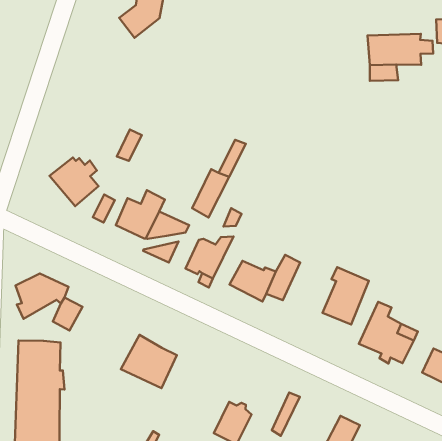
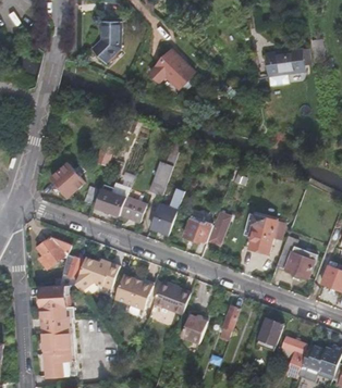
building: none -> [150,51,195,88]
building: none -> [74,255,119,290]
building: none -> [150,279,190,316]

